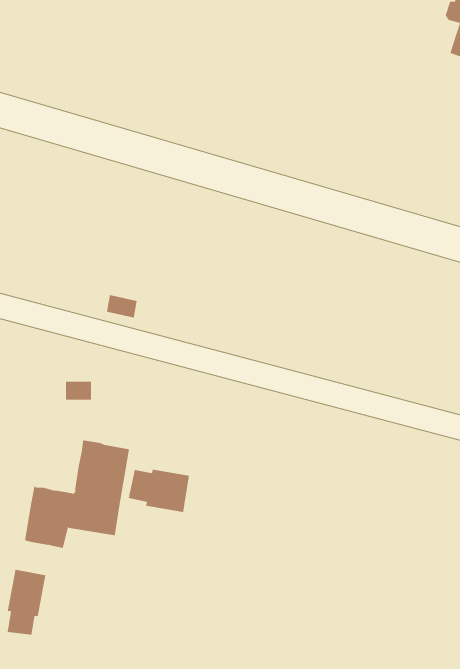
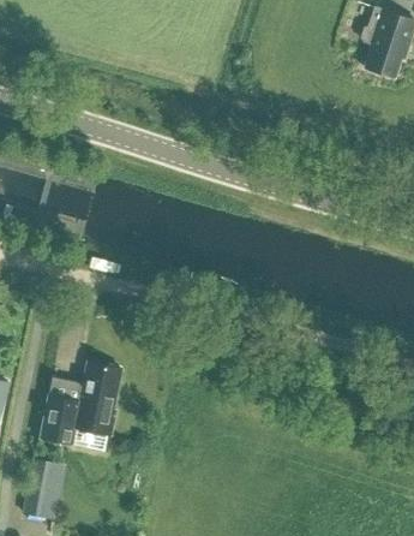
building: [128,469,190,513] -> none

